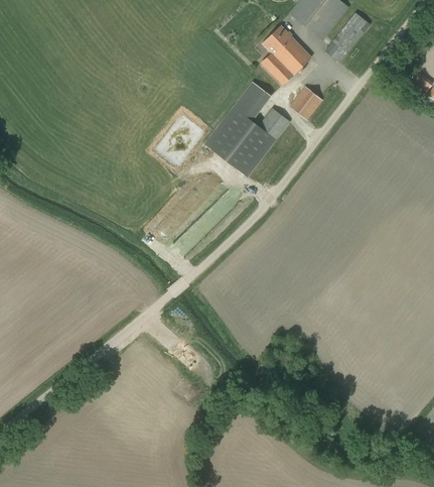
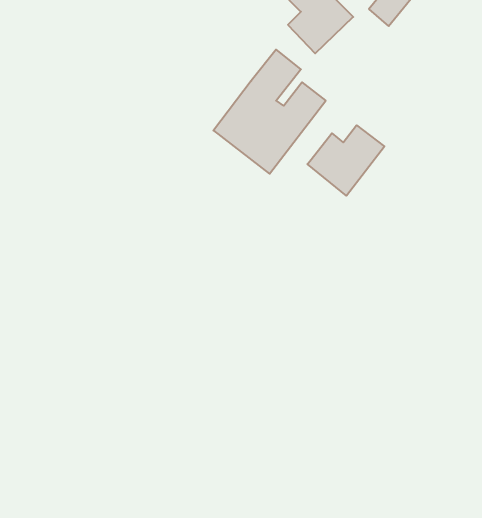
building: [289,85,323,120] -> none
building: none -> [307,125,384,196]

